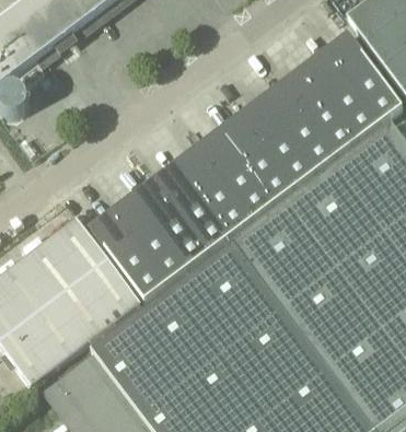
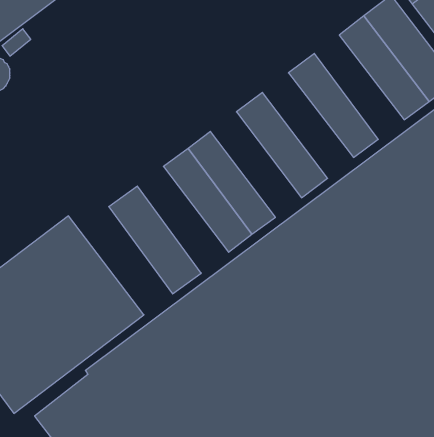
building: [283,67,359,154] -> none
building: [240,98,316,187] -> none
building: [196,131,272,220] -> none
building: [135,177,211,267] -> none
building: [90,211,164,300] -> none

